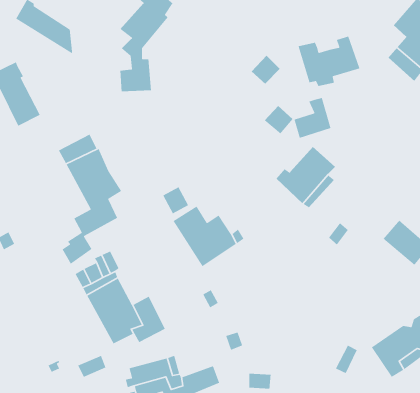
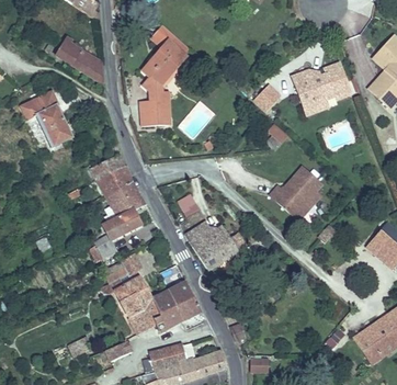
building: [293,97,332,139] -> none
building: none -> [166,280,200,318]

